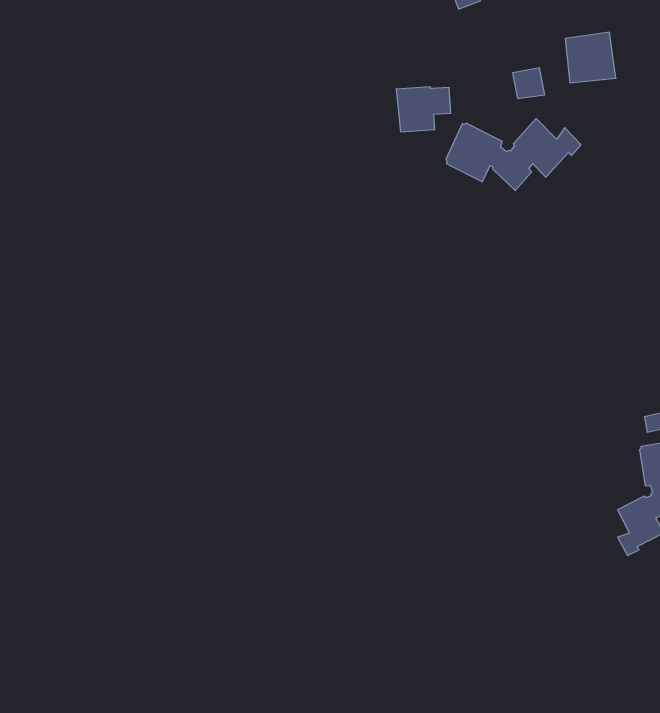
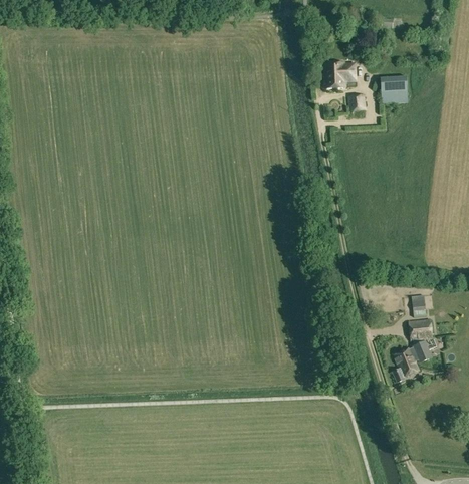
building: [396,87,451,132] -> [323,62,355,87]
building: [446,119,581,191] -> none

